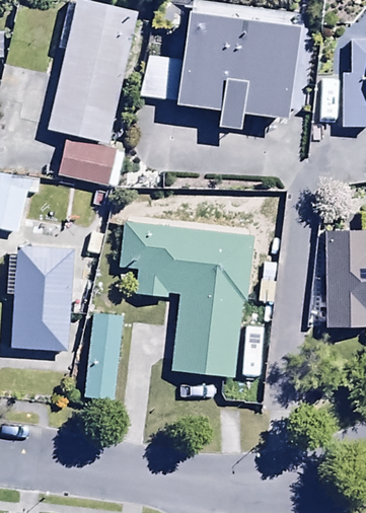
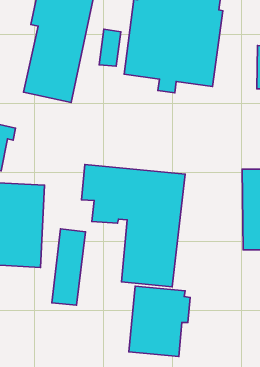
building: [58,138,126,209] -> none
building: none -> [129,286,190,357]

